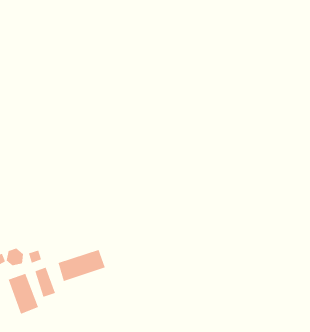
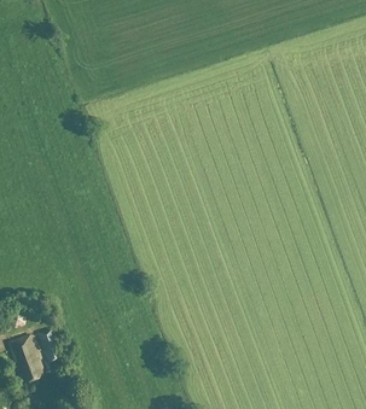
building: [58,249,105,282] -> none

